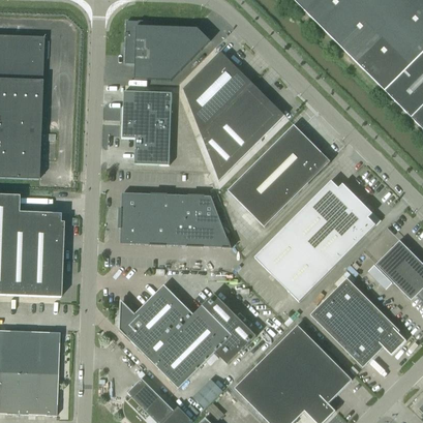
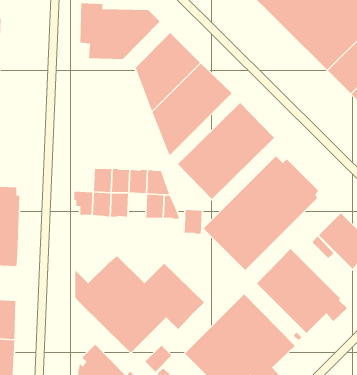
building: [123,91,172,164] -> none
building: [119,192,141,218] -> none
building: [176,219,195,246] -> [184,209,202,235]

